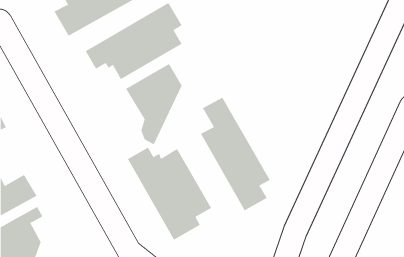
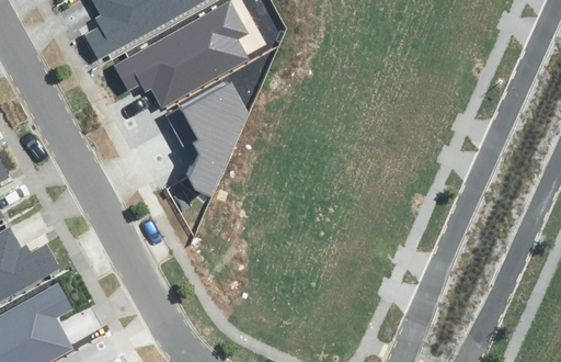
building: [200,97,270,211] -> none
building: [127,147,212,240] -> none

